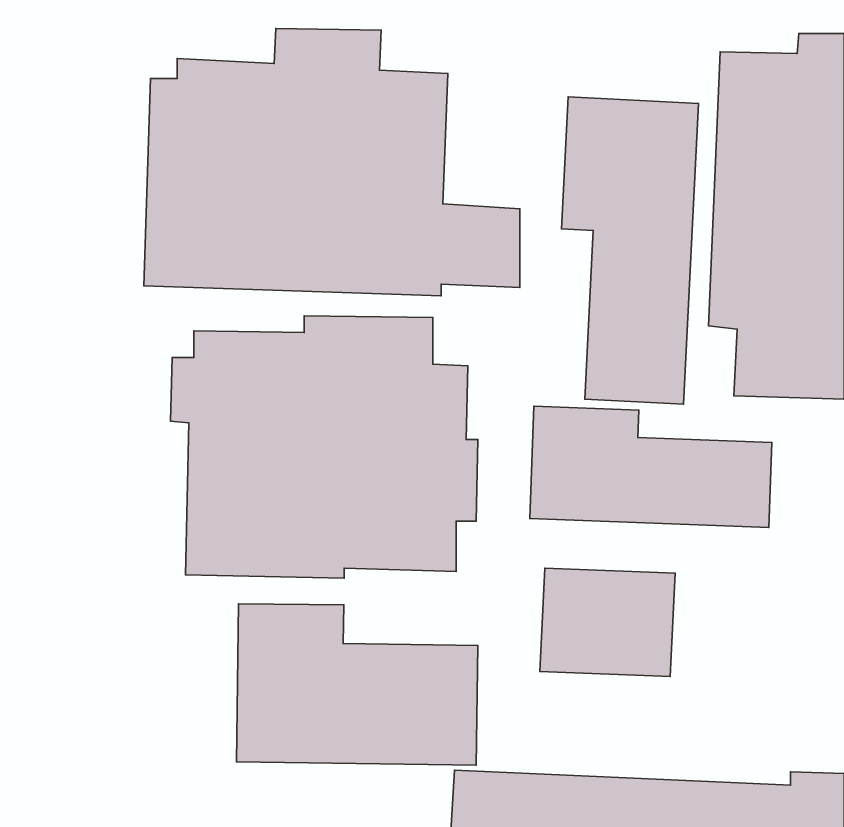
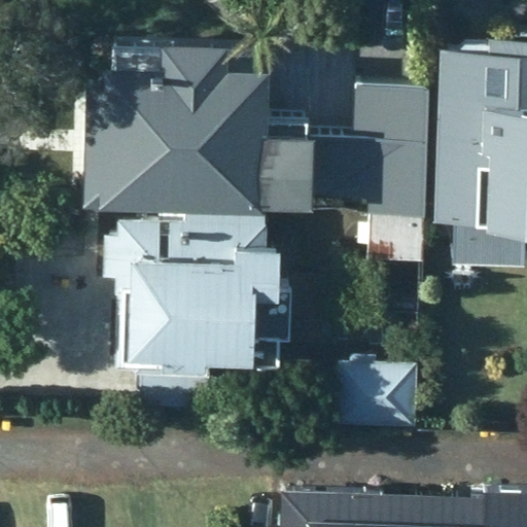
building: [530,406,772,528] -> none
building: [237,604,478,765] -> none

